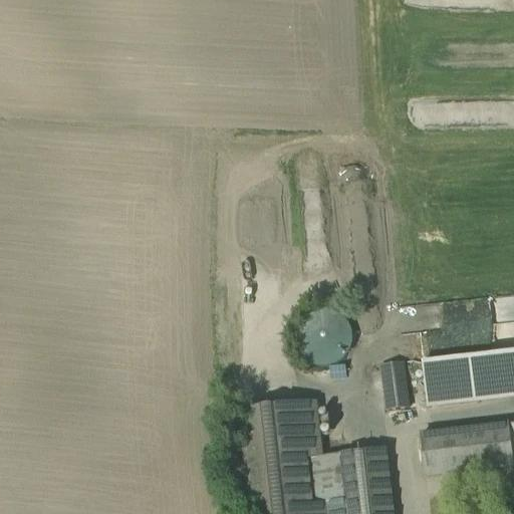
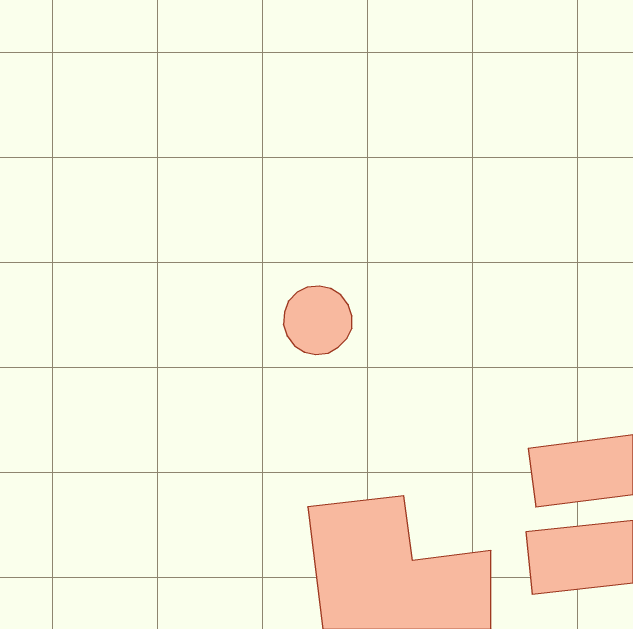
building: [297,308,352,363] -> [283,286,352,355]
building: [379,360,409,411] -> none

